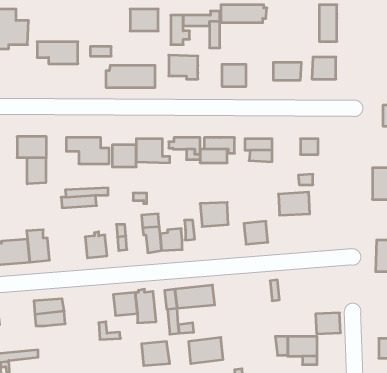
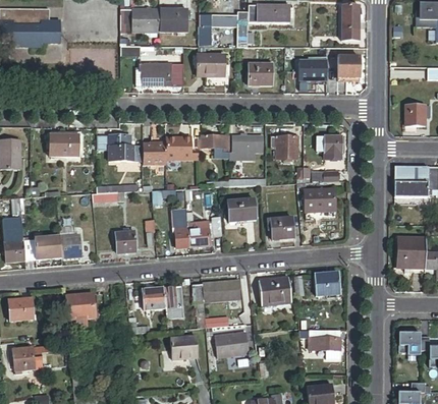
building: [37,42,78,64] -> [119,10,159,32]
building: [27,158,46,184] -> none
building: none -> [259,277,291,305]
building: [316,313,341,334] -> [316,273,340,293]

